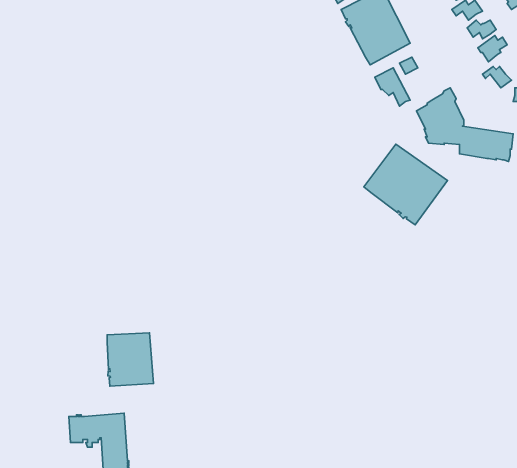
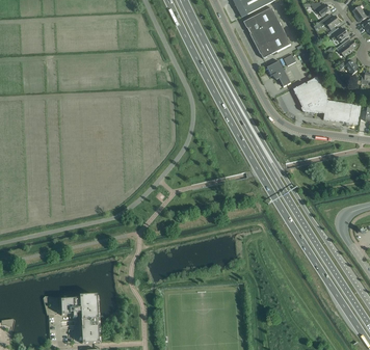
building: [364,144,447,225] -> none
building: [107,333,154,386] -> none

